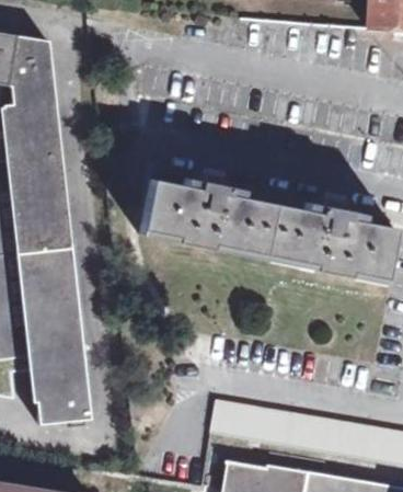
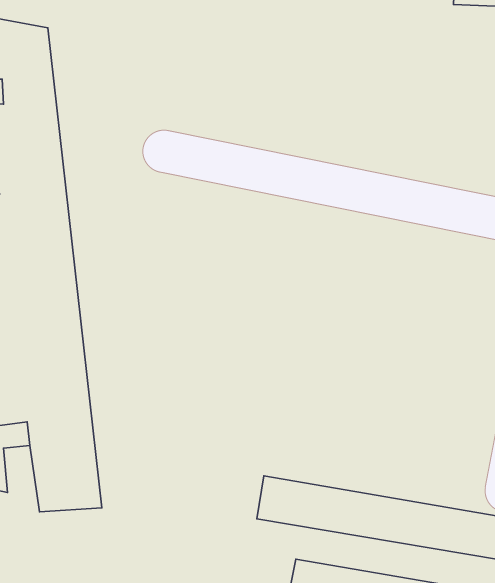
building: [142,179,394,282] -> none

